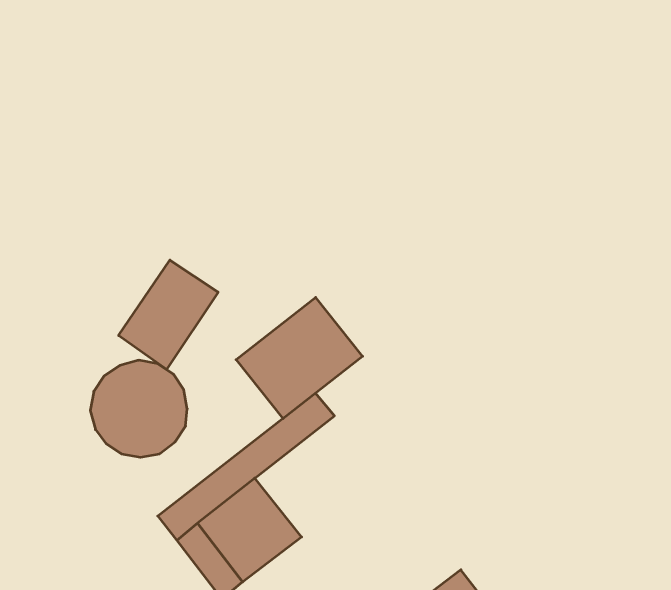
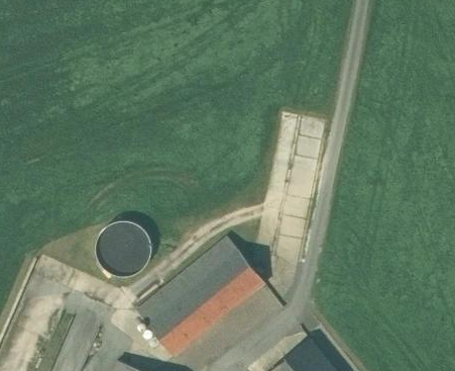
building: [119,260,218,369] -> none
building: [236,297,363,419] -> [191,251,264,321]

